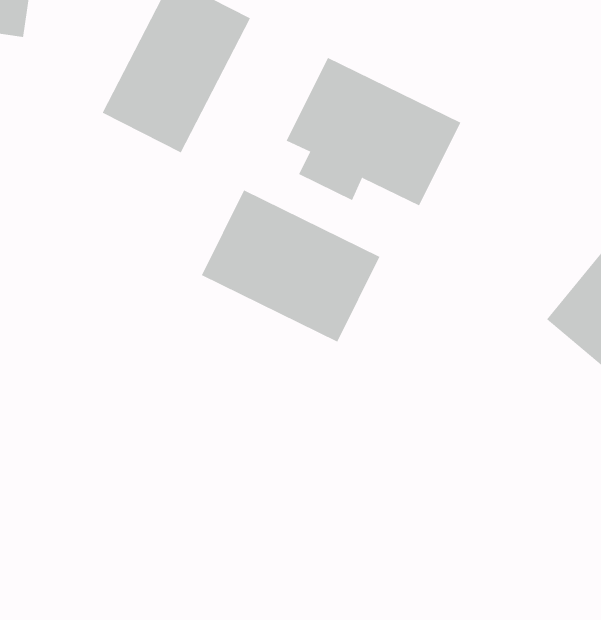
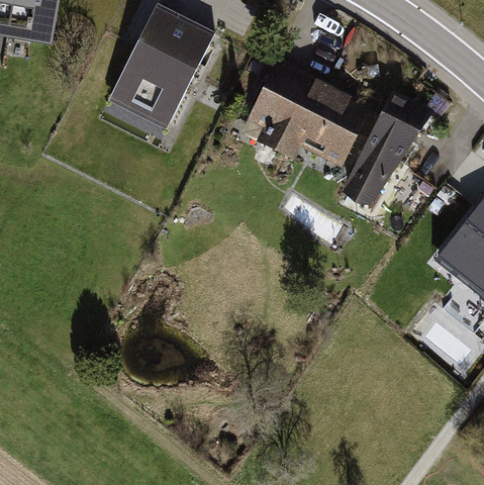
building: none -> [347,87,429,209]
building: [201,190,380,342] -> none

